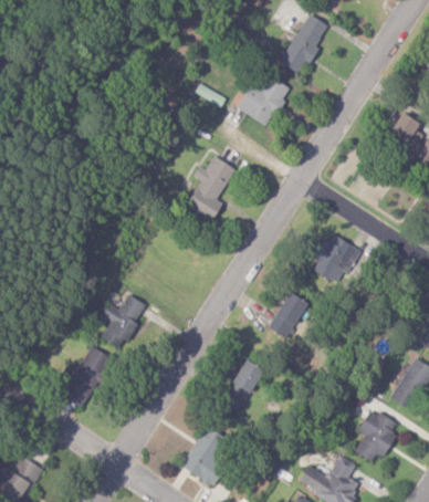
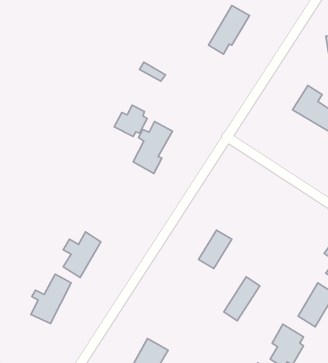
building: [237,73,290,127] -> none
building: none -> [114,105,147,137]
building: [314,232,359,283] -> none
building: [220,358,264,412] -> [224,277,260,321]

